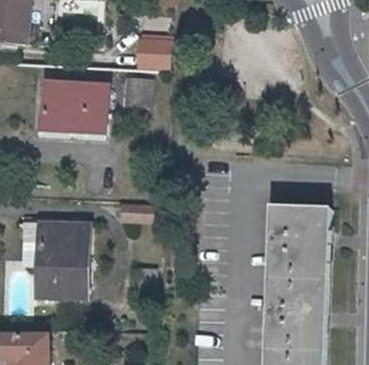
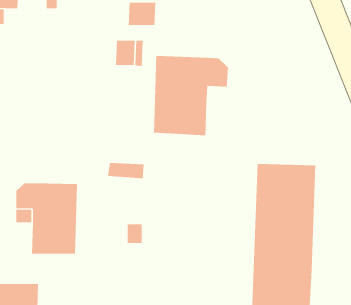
building: [41,84,106,133] -> none
building: none -> [153,55,228,136]

